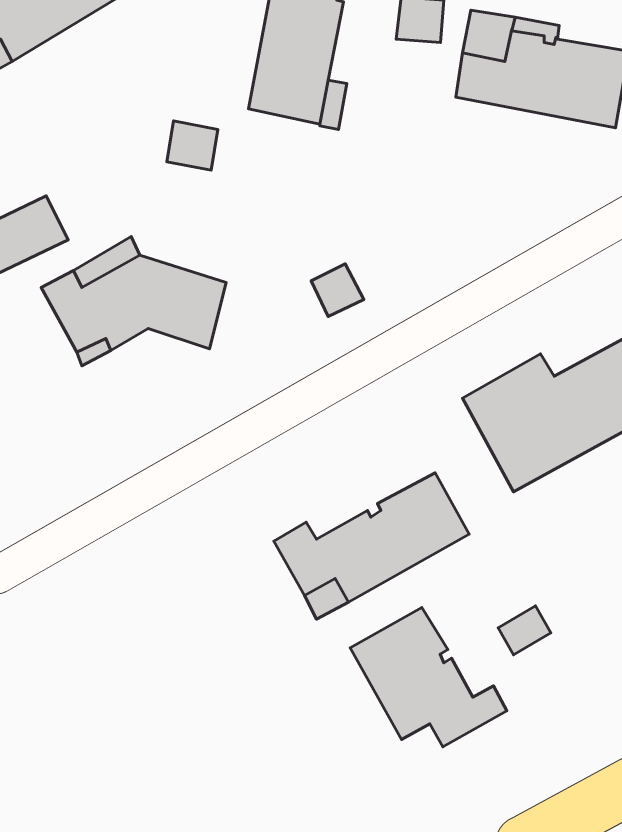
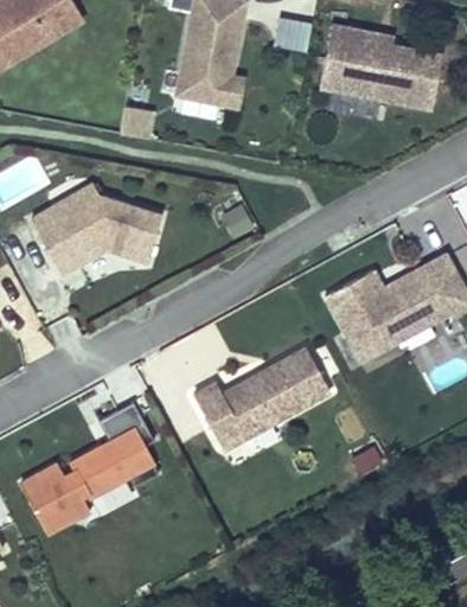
building: none -> [20,401,156,533]
building: [350,607,507,747] -> none

